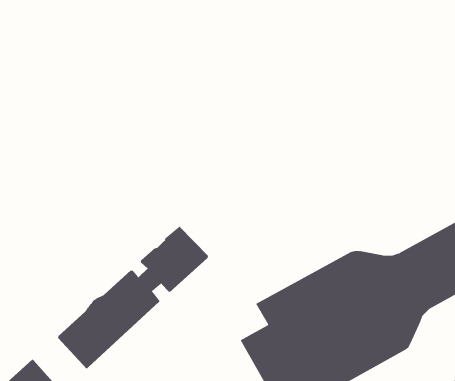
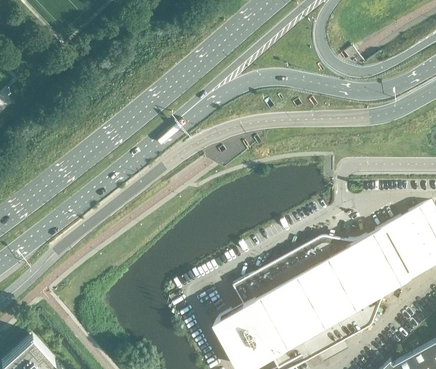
building: [57,225,209,369] -> none

